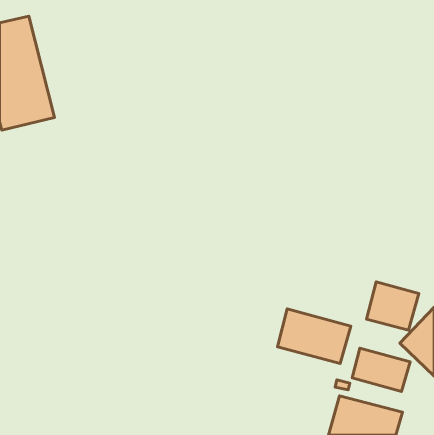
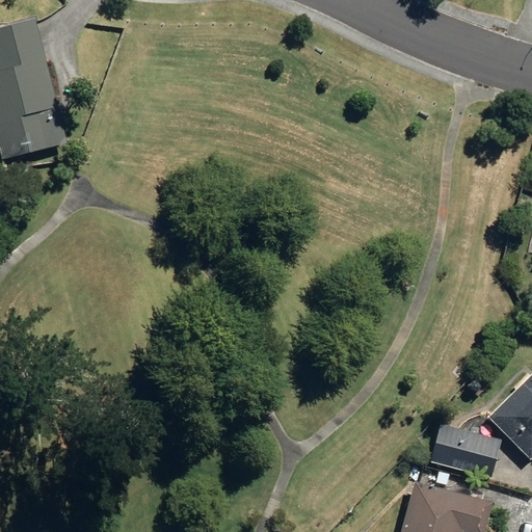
building: [366,282,419,330] -> none
building: [277,309,351,363] -> none

